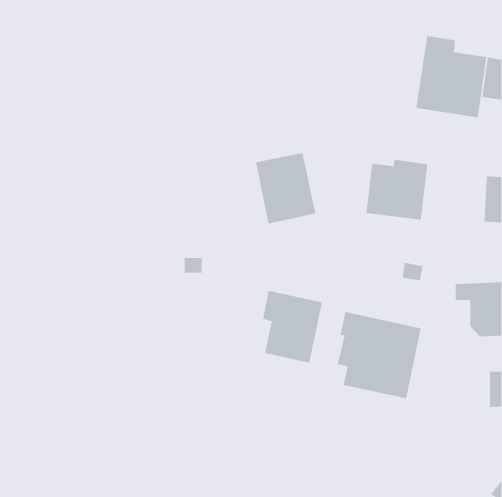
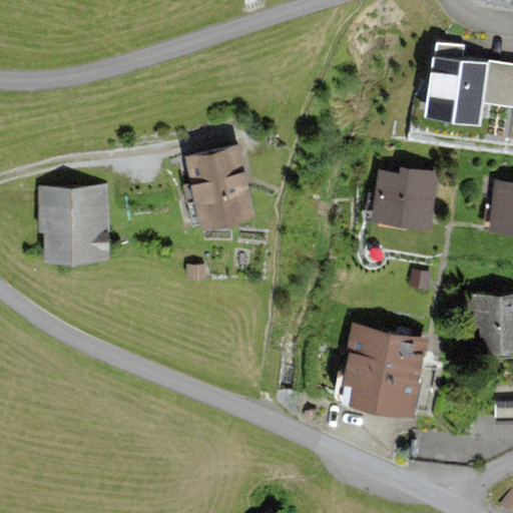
building: [255,152,316,224] -> [191,151,253,224]
building: none -> [39,190,109,264]
building: [263,290,322,363] -> none

